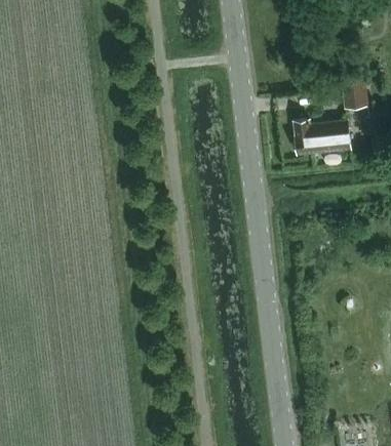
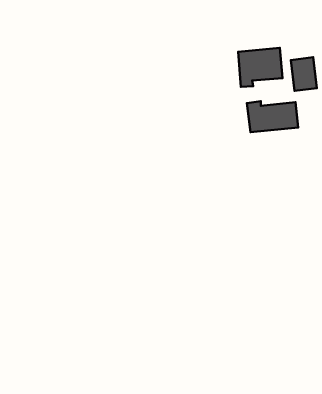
building: none -> [238,48,283,87]

